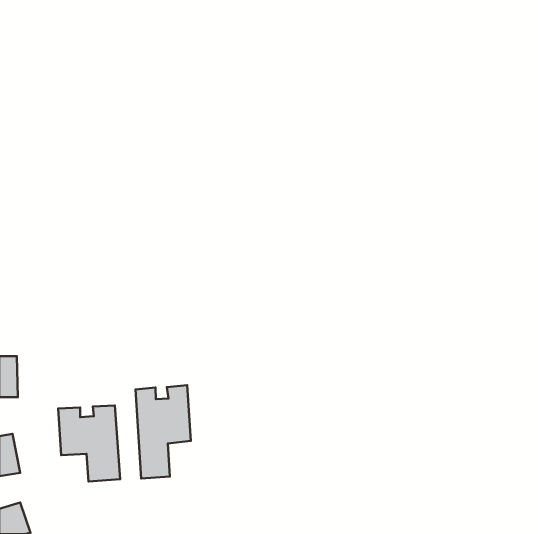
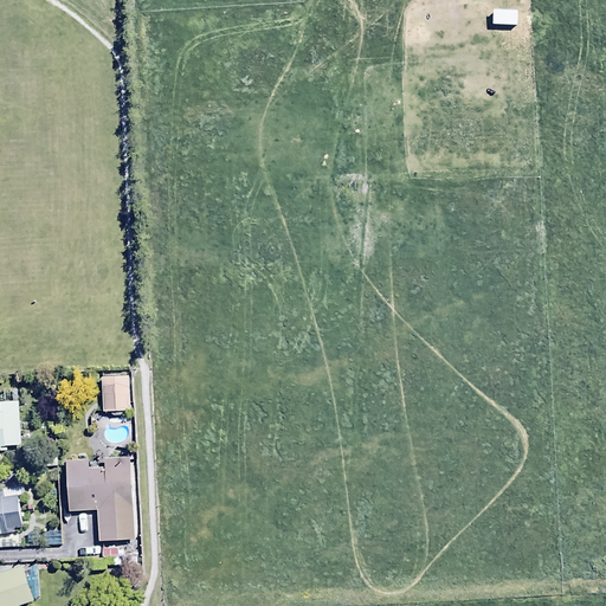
building: none -> [102,375,129,412]
building: [135,385,191,478] -> none

